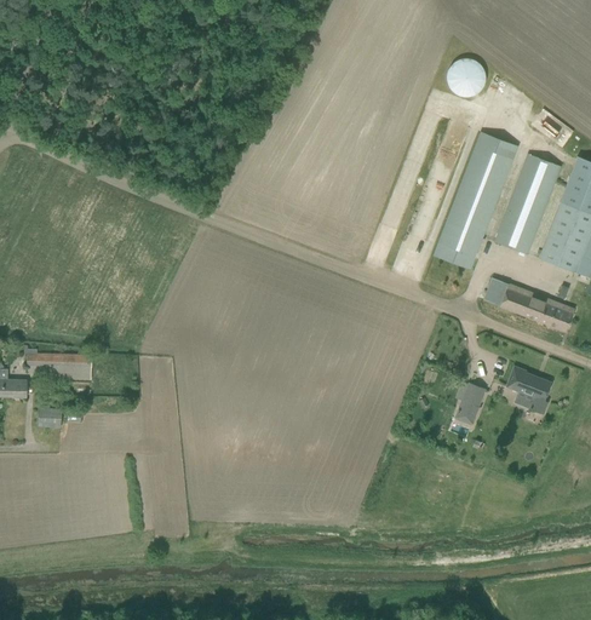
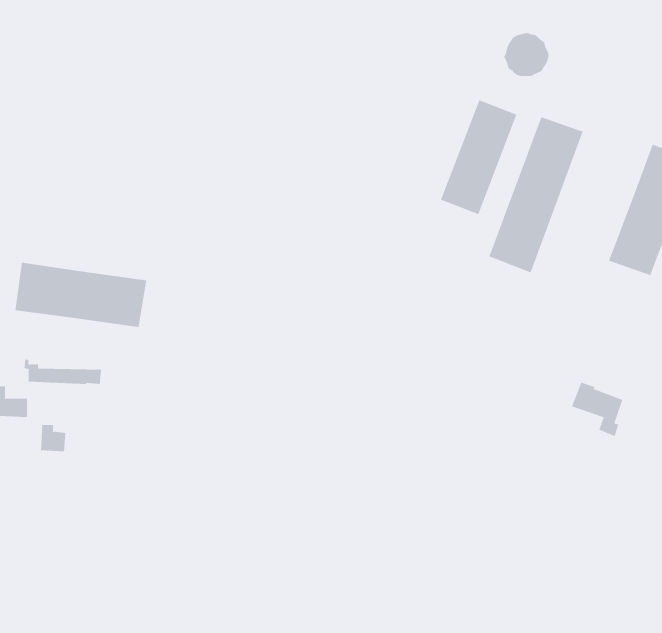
building: [493,154,561,256] -> [440,99,517,215]
building: none -> [15,262,147,328]
building: [483,279,574,332] -> none
building: [458,383,486,417] -> none

